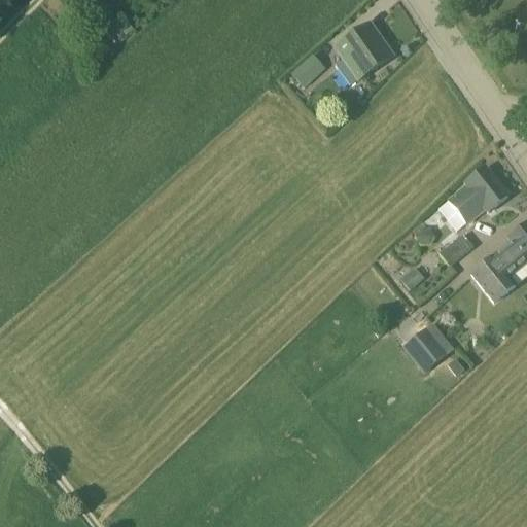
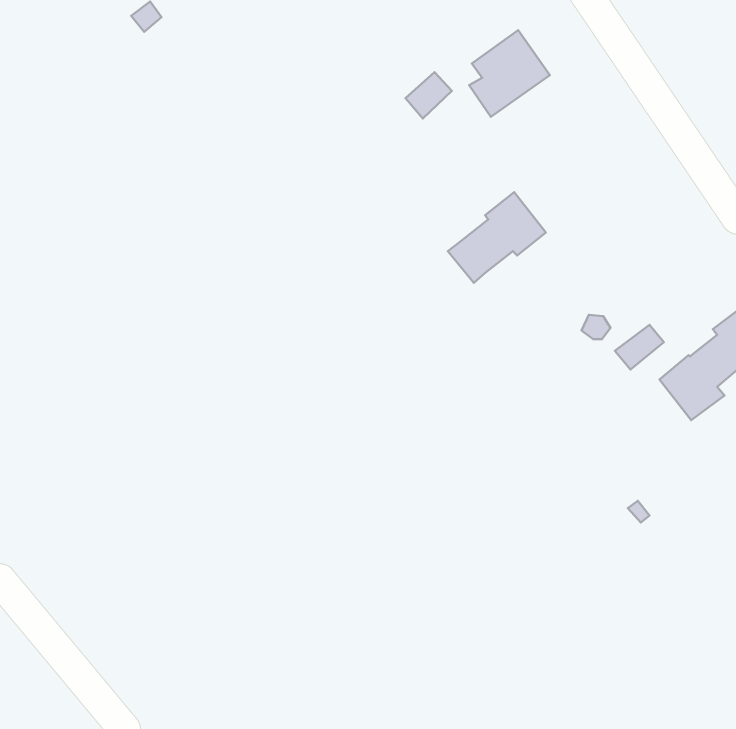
building: [440,164,510,229] -> [448,192,546,283]
building: [406,326,448,370] -> none

